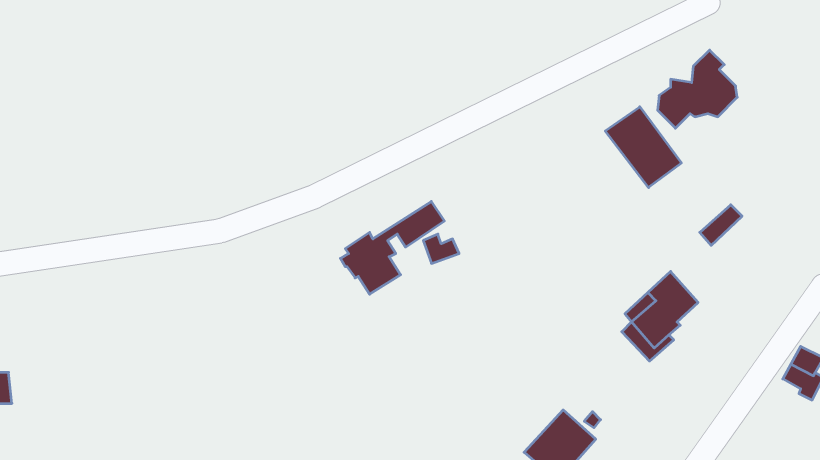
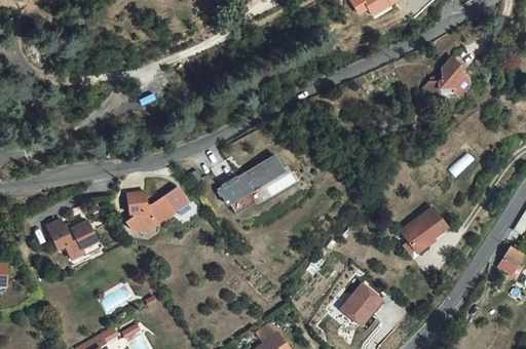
building: [605,107,681,188] -> none
building: none -> [126,189,195,230]
building: none -> [45,216,97,257]

